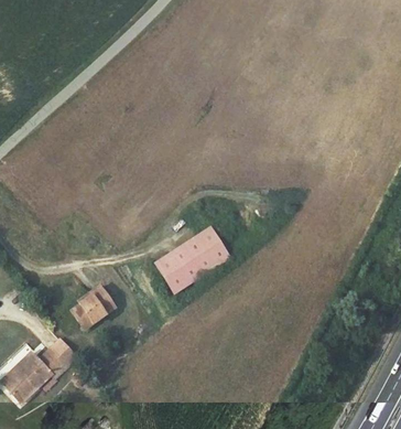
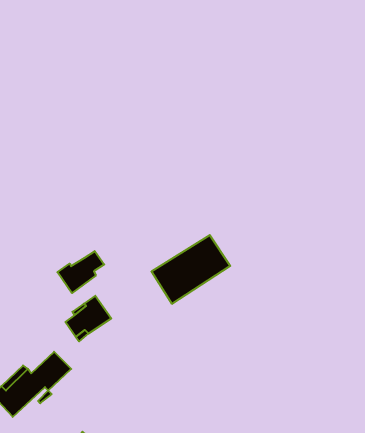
building: none -> [57,251,104,293]

